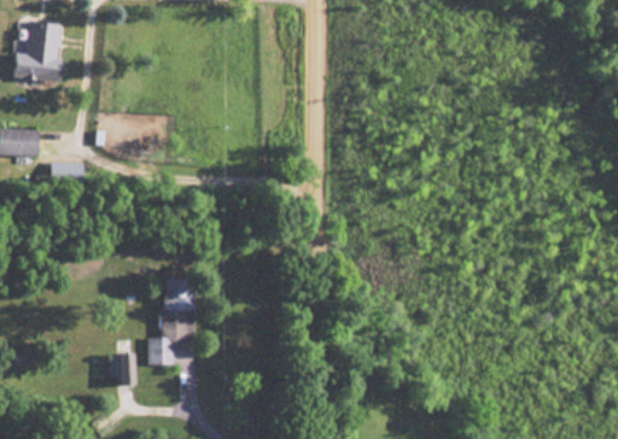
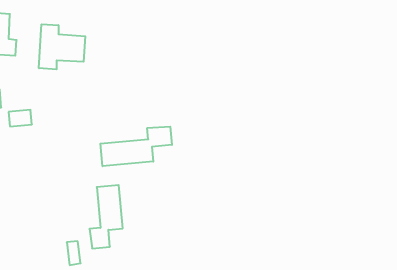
building: none -> [39,24,85,69]
building: none -> [100,127,172,166]

